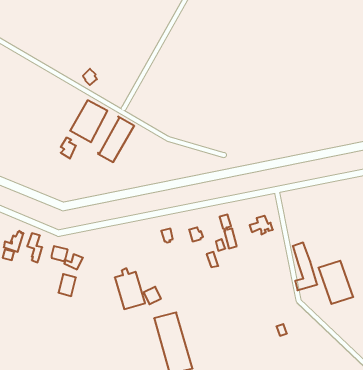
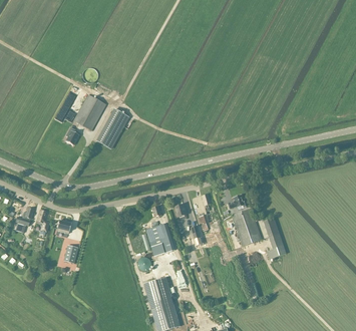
building: [318,261,353,304] -> [232,209,262,246]
building: [115,268,145,309] -> [146,221,172,256]

